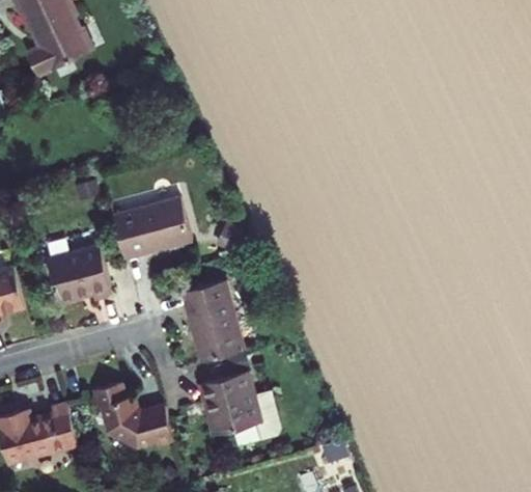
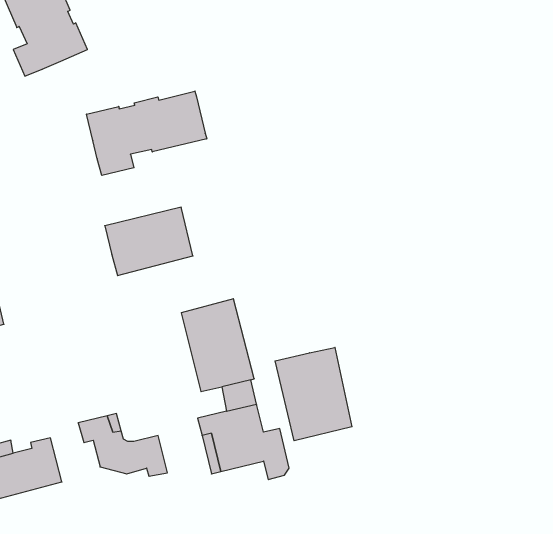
building: none -> [87,91,207,175]
building: [45,246,111,304] -> none
building: none -> [275,347,352,441]

